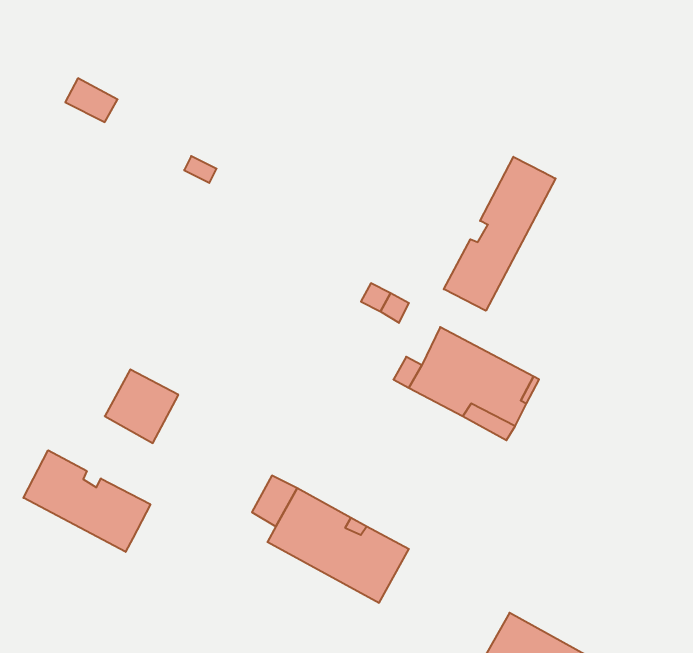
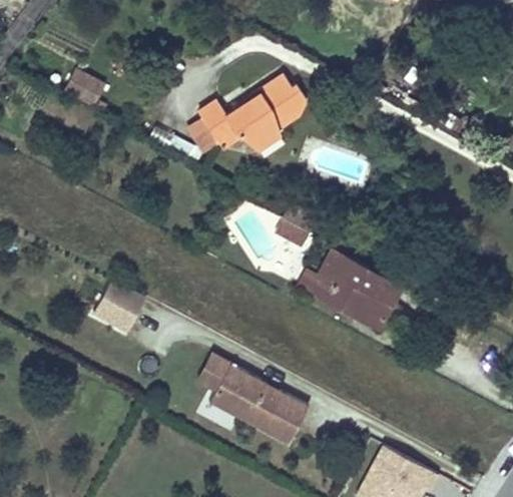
building: none -> [197,76,305,150]
building: [444,157,556,311] -> none
building: [23,450,150,552] -> none

